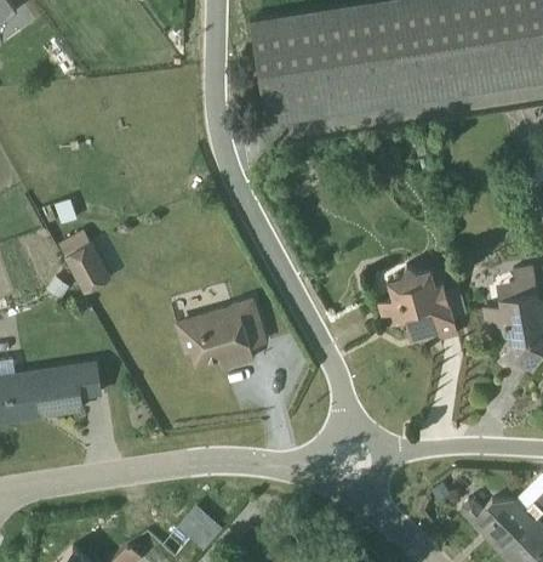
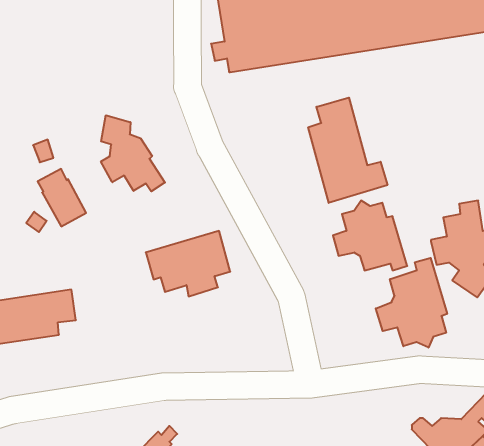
building: none -> [308,98,387,203]
building: none -> [101,115,165,191]
building: none -> [376,258,447,348]

